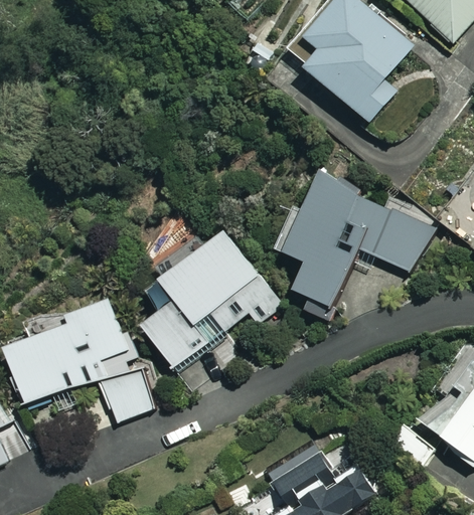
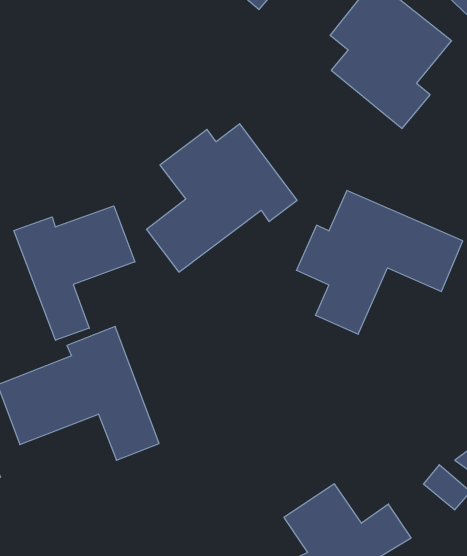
building: none -> [14,206,135,340]
building: [144,233,279,366] -> [146,124,297,272]

